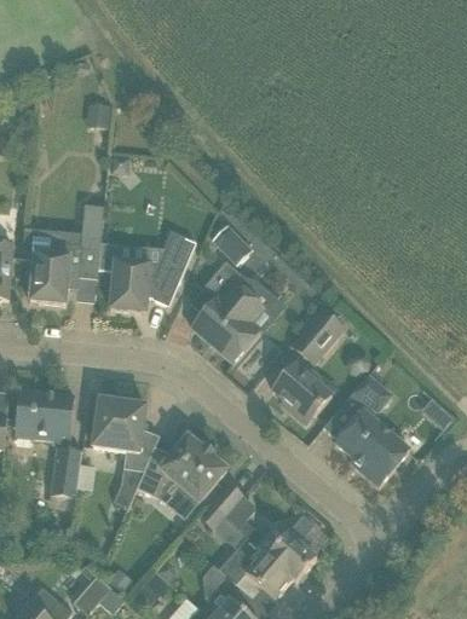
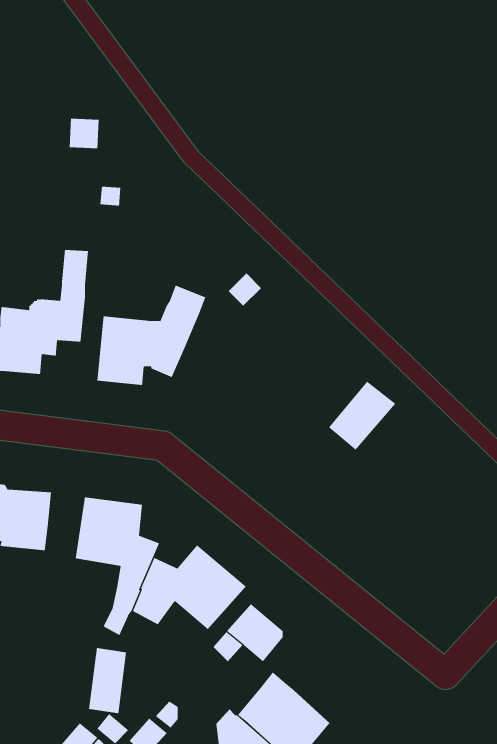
building: [191,261,261,361] -> none
building: [271,359,331,424] -> none
building: [334,375,409,486] -> none
building: [51,446,81,498] -> [88,647,127,714]
building: [256,514,316,580] -> none

